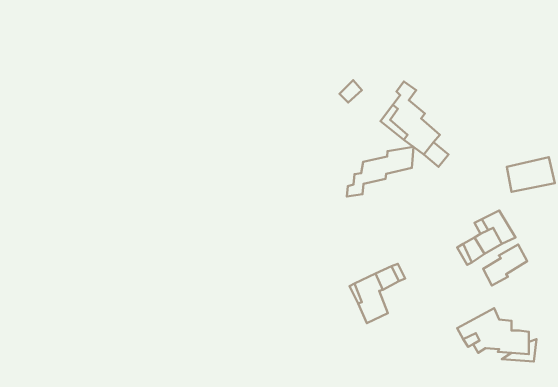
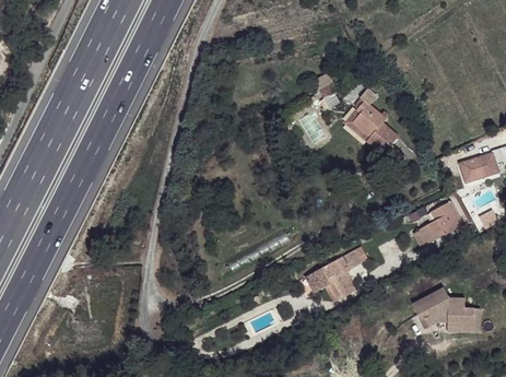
building: [347,147,413,196] -> none
building: [483,244,527,286] -> none

